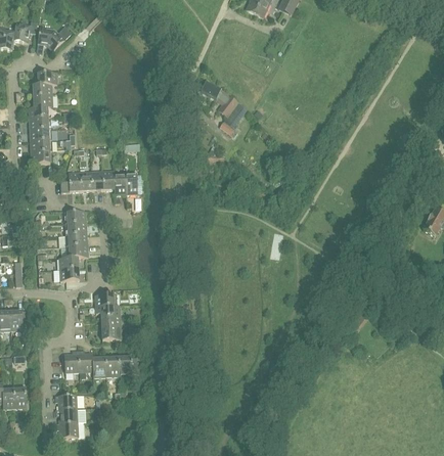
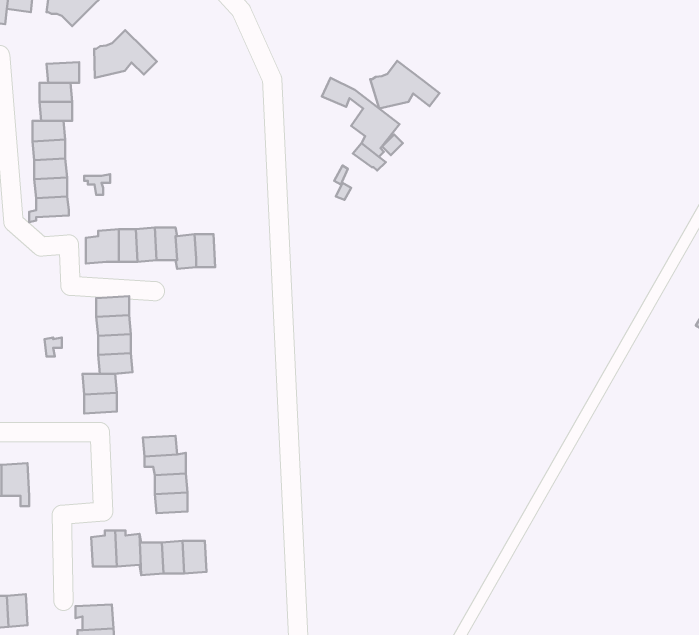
building: none -> [94,30,157,78]
building: none -> [370,61,440,109]

